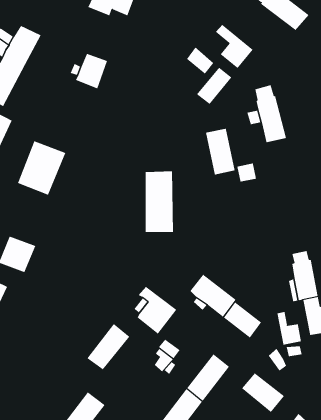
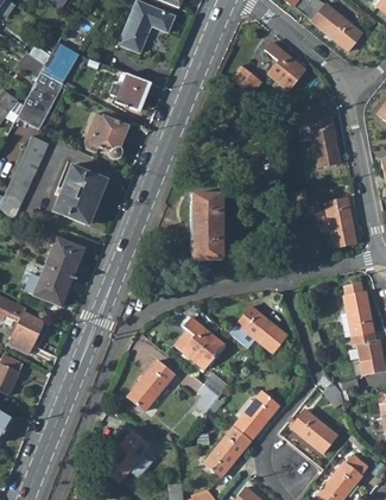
building: none -> [120,24,152,53]
building: [196,67,232,105] -> none
building: none -> [86,112,129,158]
building: [205,128,235,175] -> [325,198,357,248]
building: none -> [45,236,84,277]
building: [223,302,262,338] -> none
building: [277,311,302,345] -> none

